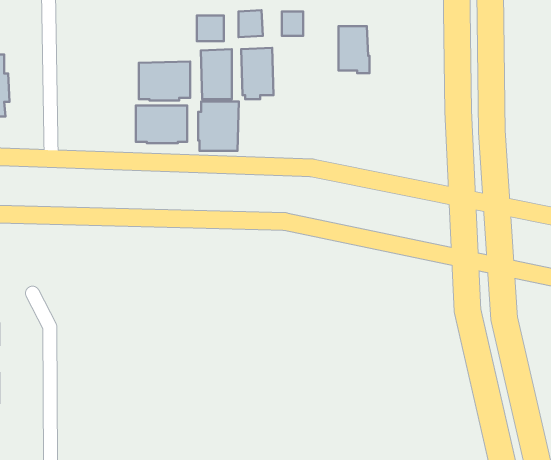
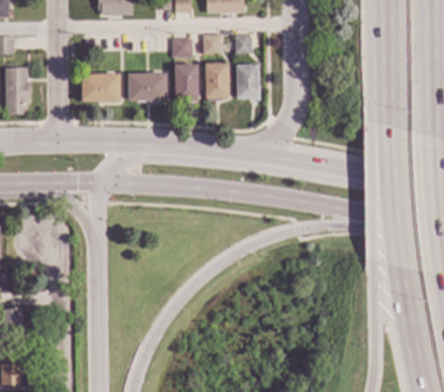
building: [338,26,369,73] -> [237,64,260,99]
building: [198,102,239,151] -> none
building: [136,106,187,143] -> [82,73,120,101]

